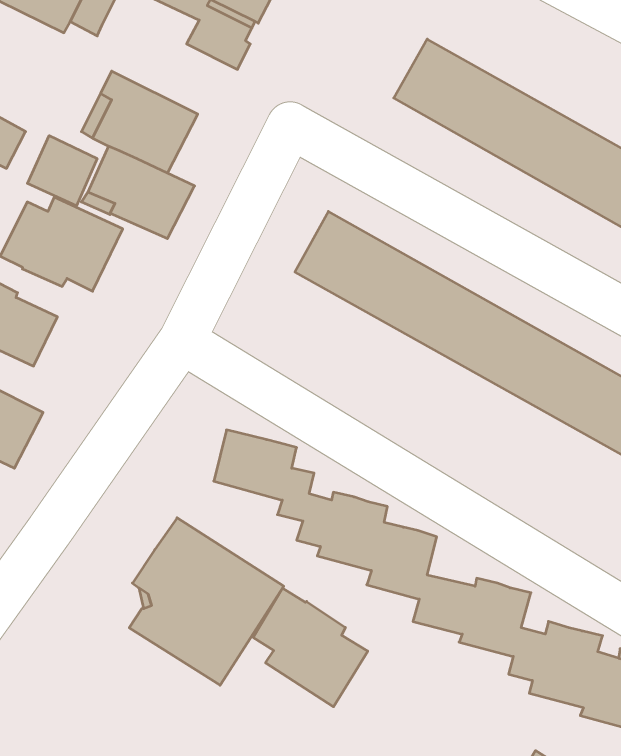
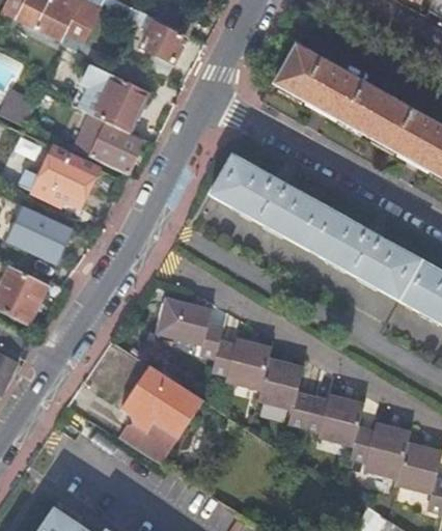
building: [27,136,97,206] -> none
building: [253,588,368,707] -> none

